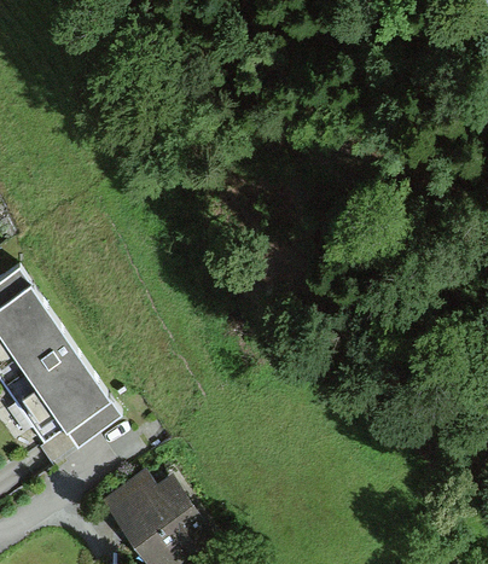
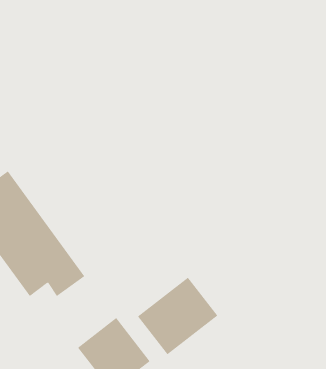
building: none -> [137,277,218,355]

